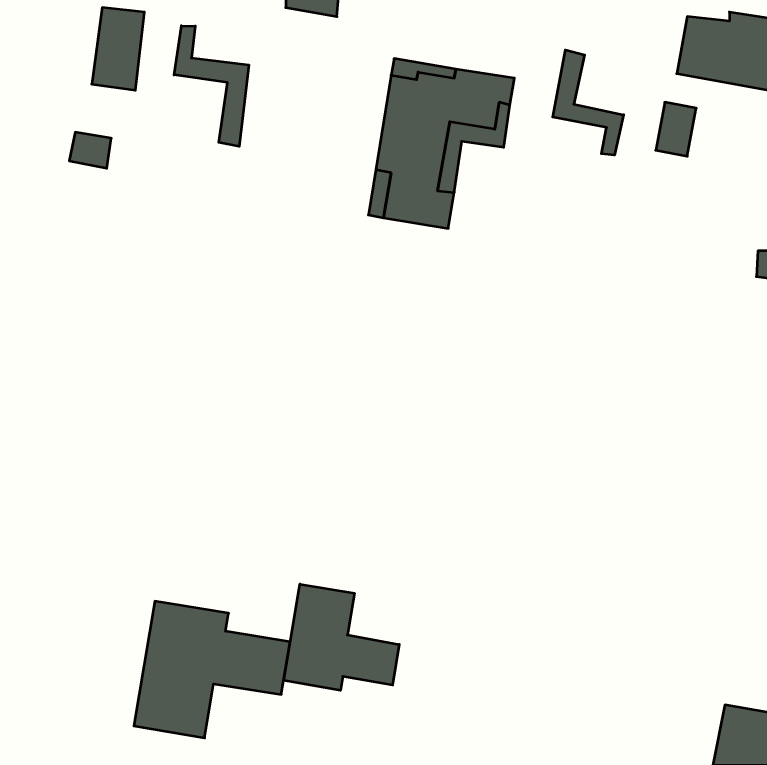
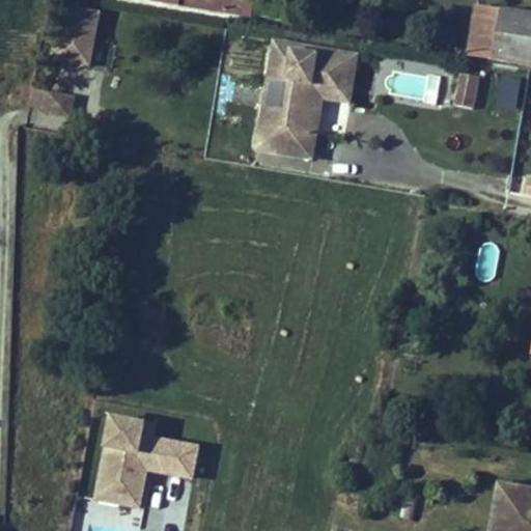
building: [174,26,249,146] -> none
building: [553,50,624,155] -> none
building: [284,584,399,690] -> none

